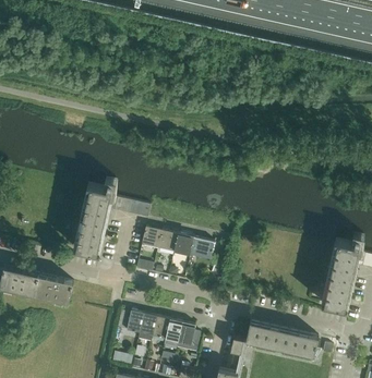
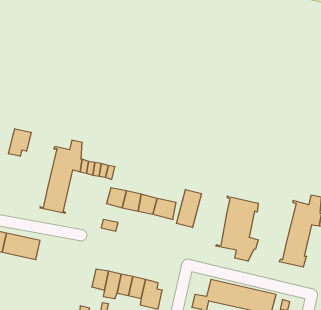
building: none -> [9,129,31,156]
building: none -> [176,189,201,228]
building: none -> [216,196,258,261]

